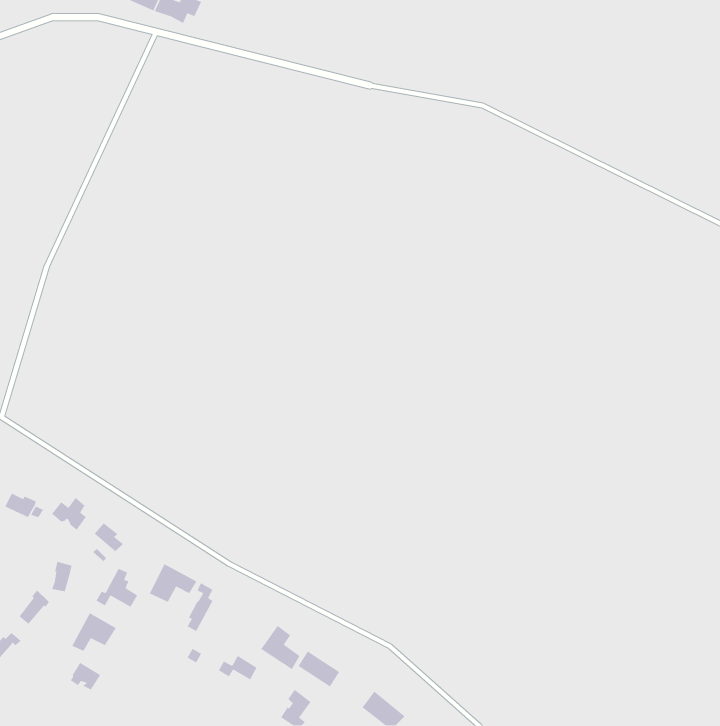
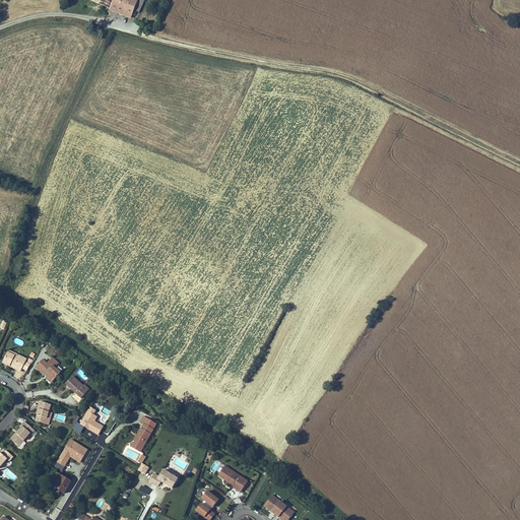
building: [149,563,197,603] -> none
building: [260,625,301,670] -> none

